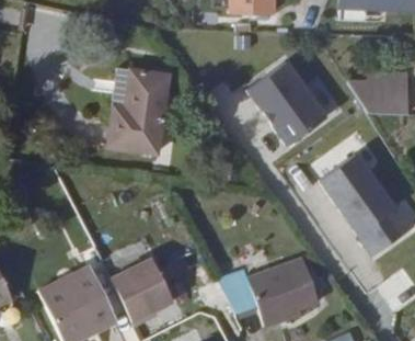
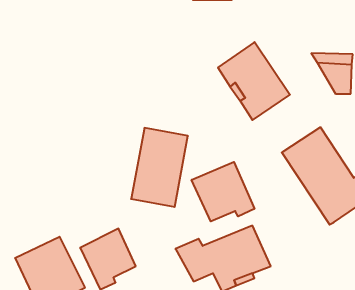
building: [109,66,171,151] -> [131,128,188,207]
building: none -> [192,162,254,221]

